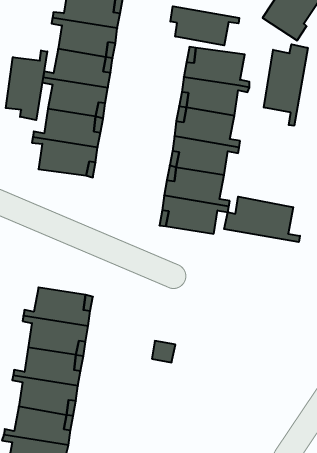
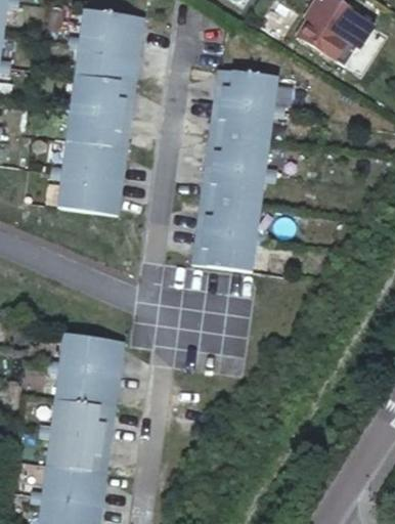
building: [170,6,239,45] -> none
building: [264,44,308,126] -> none
building: [6,50,47,120] -> none
building: [224,197,300,242] -> none

